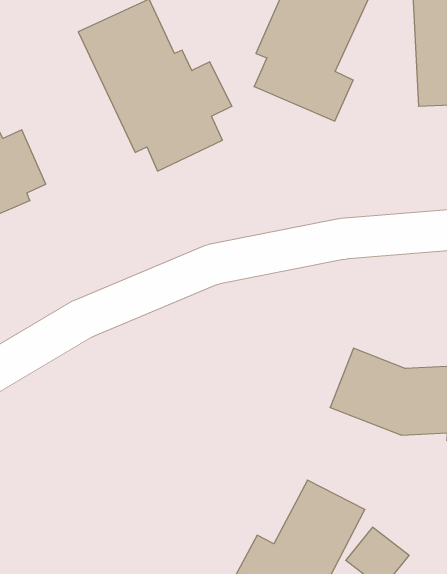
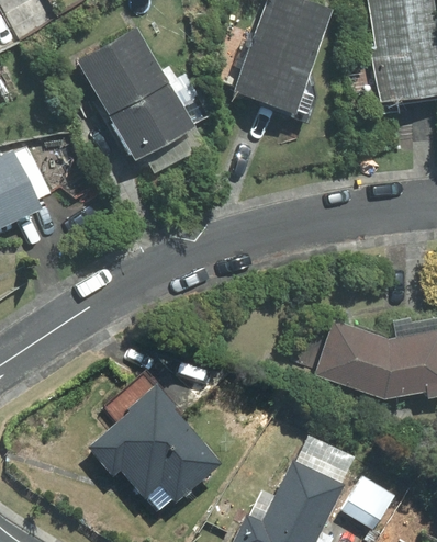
building: none -> [88,372,220,519]

